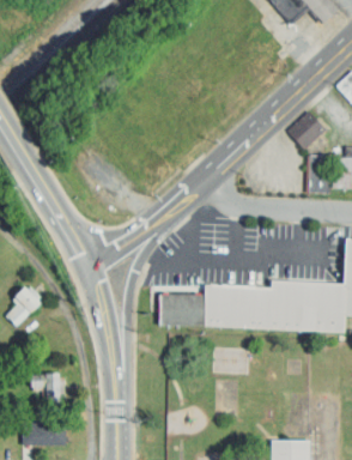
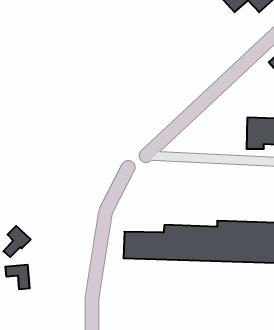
building: [289,114,324,150] -> none
building: [30,371,60,401] -> [5,265,30,289]

